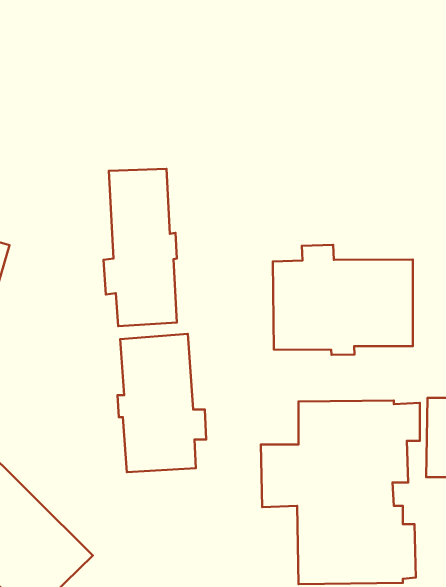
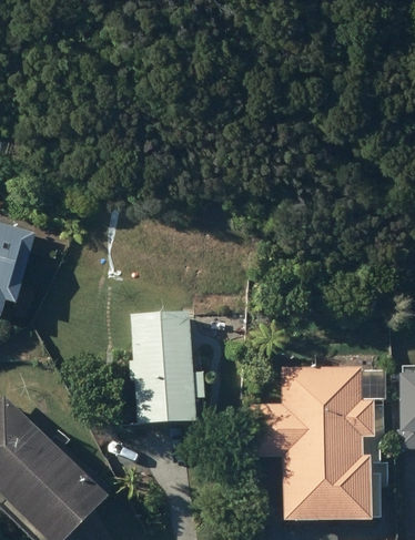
building: [103,169,177,326] -> none
building: [273,245,413,355] -> none

